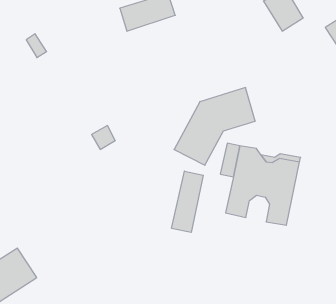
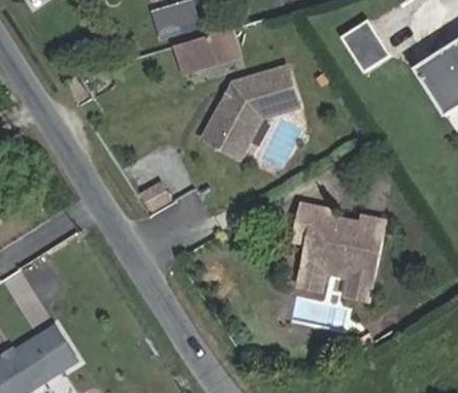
building: [174,88,255,165] -> [202,67,297,158]
building: [172,171,203,232] -> none

